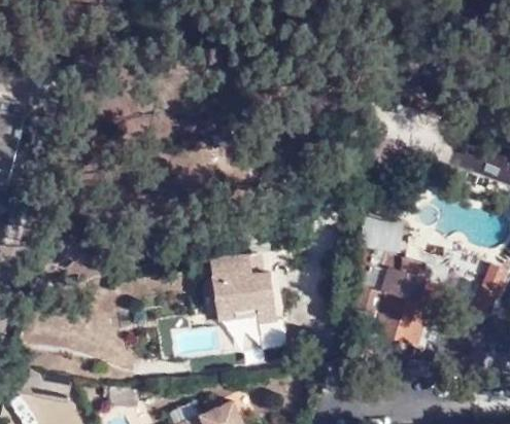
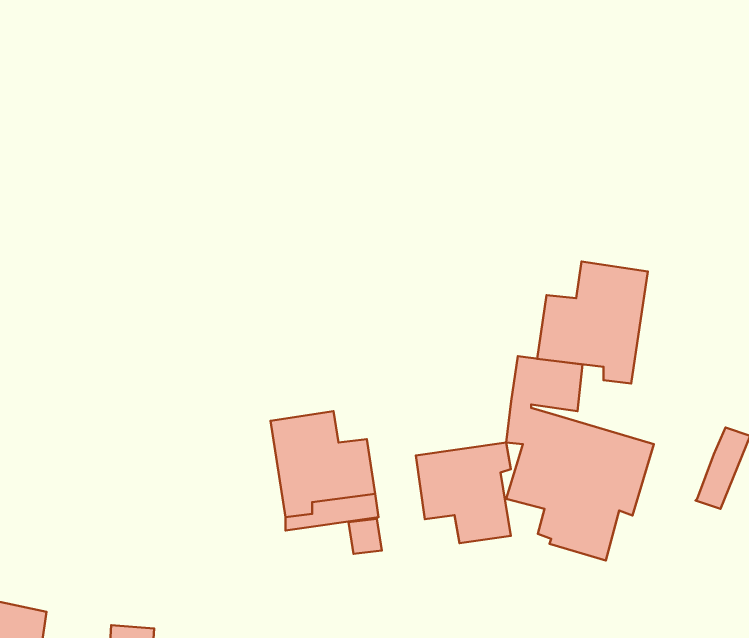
building: none -> [537,262,648,383]
building: none -> [416,443,511,543]

